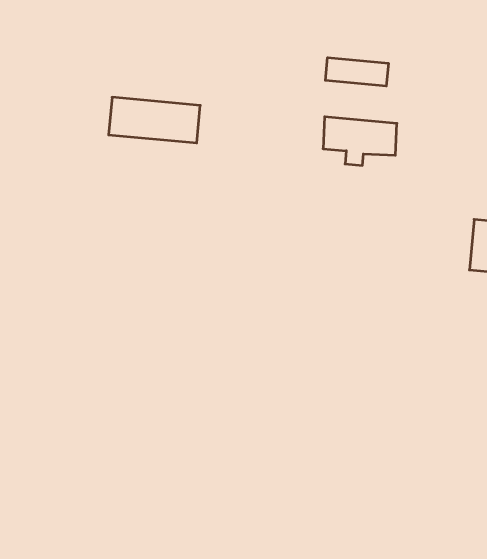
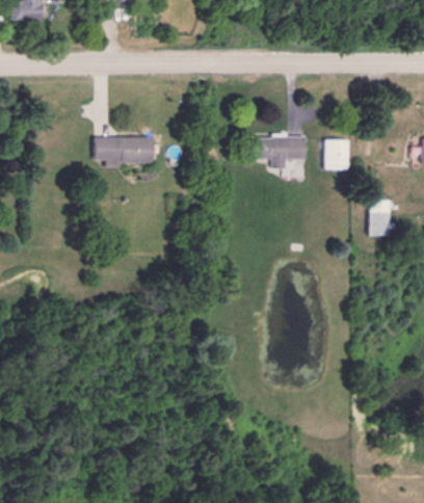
building: [325,58,388,86] -> none
building: none -> [322,140,347,170]

